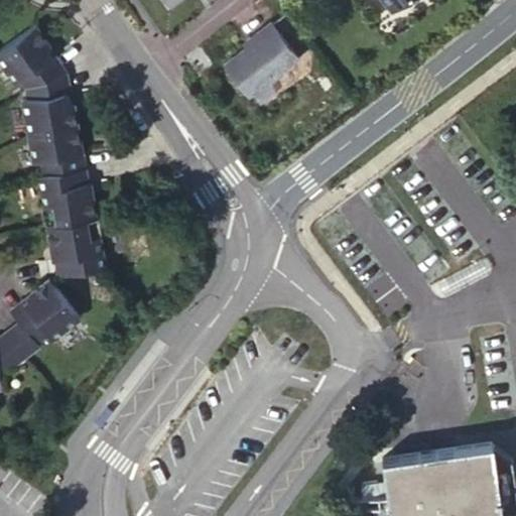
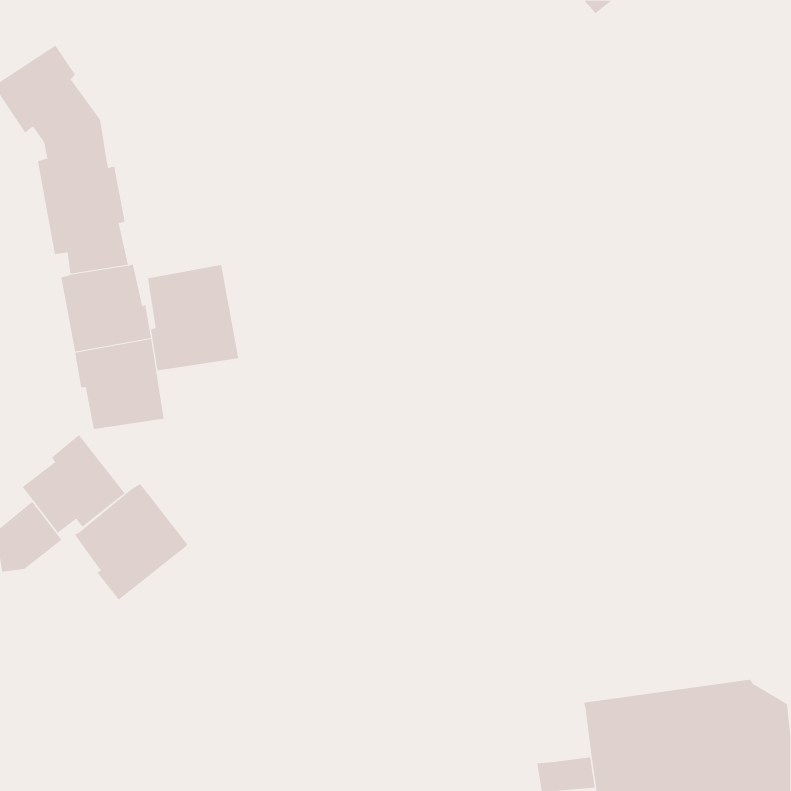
building: [221,22,294,96] -> none
building: none -> [148,264,239,371]
building: none -> [74,483,188,600]

